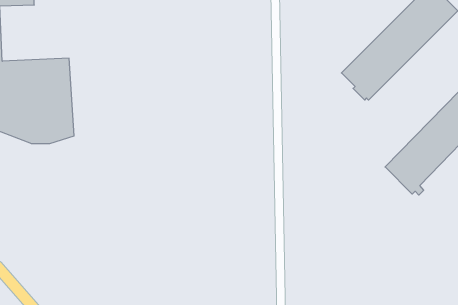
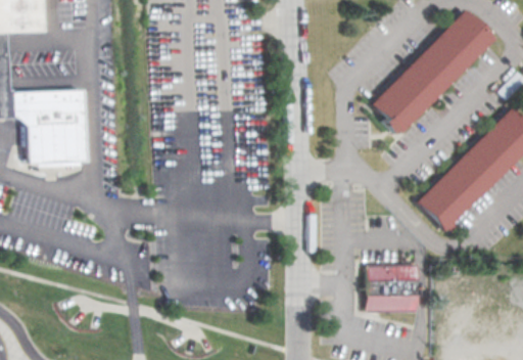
building: none -> [368,263,421,312]

